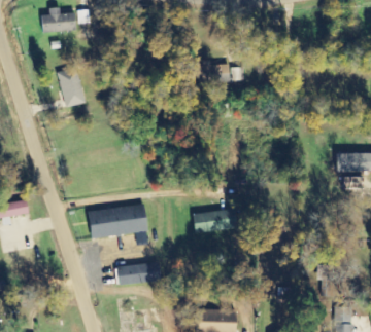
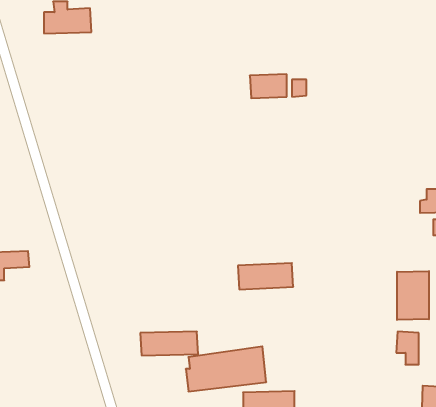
building: [59,68,86,107] -> none
building: [87,204,149,238] -> [186,346,266,391]
building: none -> [397,271,429,320]

